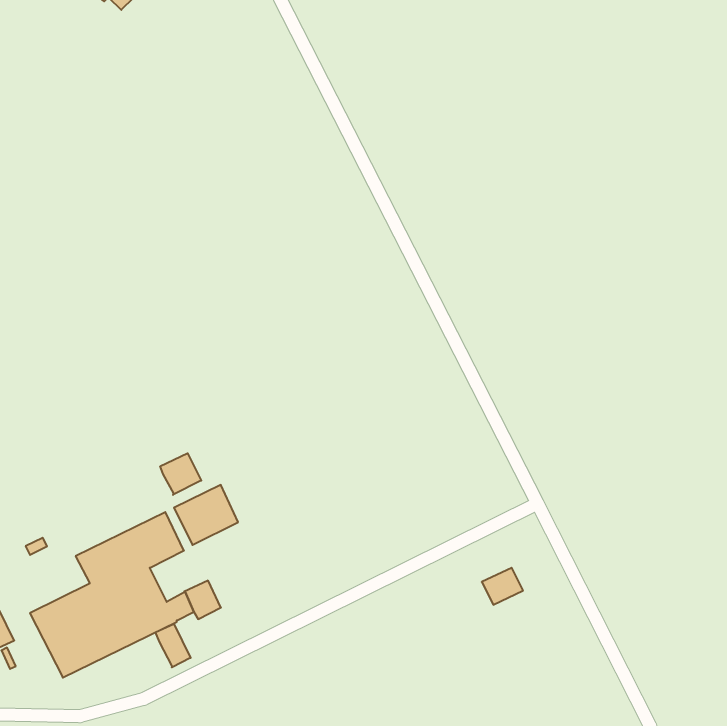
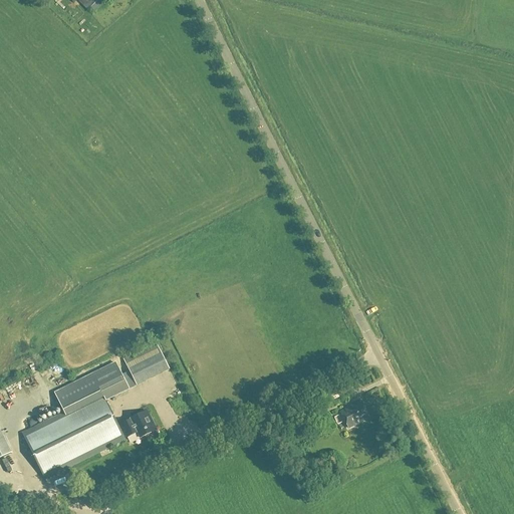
building: [160,453,201,495] -> none
building: [156,624,191,667] -> none

